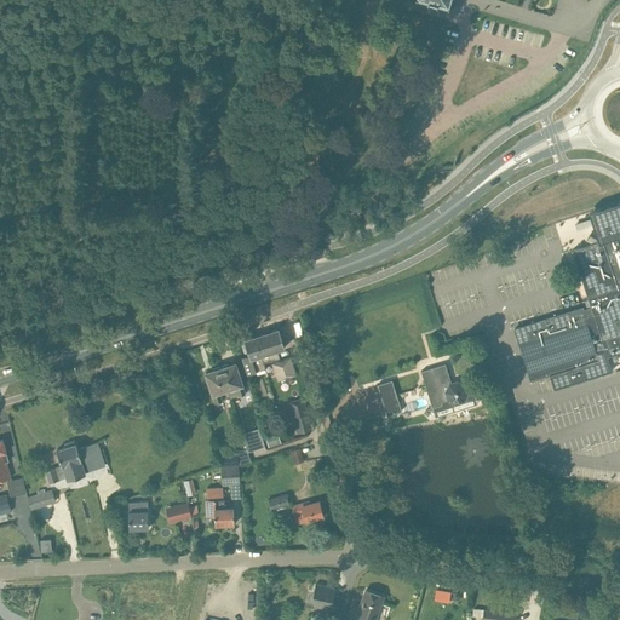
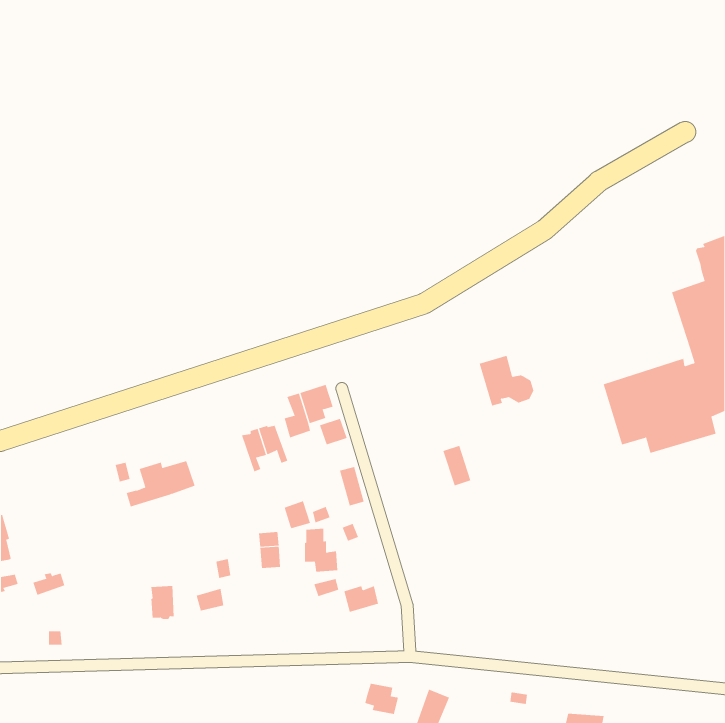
building: [421,364,469,408] -> [479,355,534,406]
building: [46,443,105,483] -> [126,460,195,507]
building: [206,488,235,526] -> [304,528,338,572]

